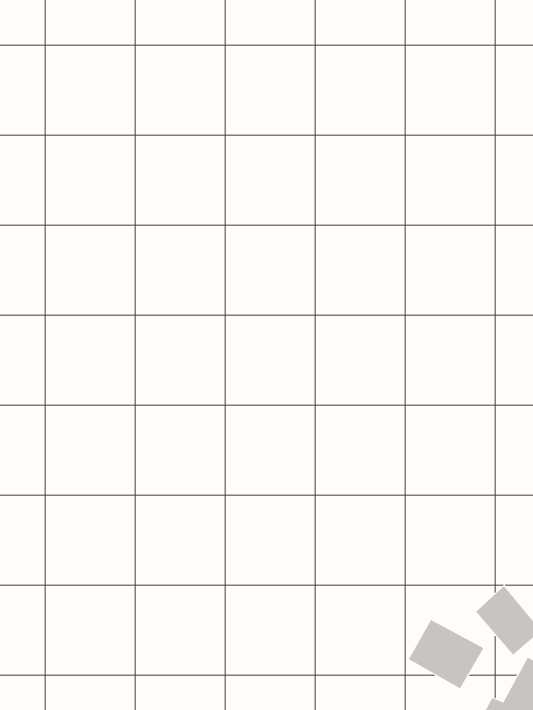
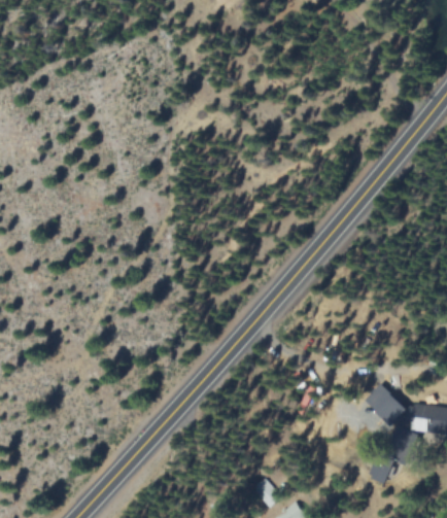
building: [408,619,484,689] -> none

